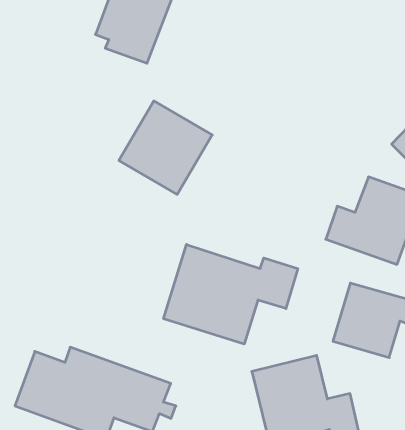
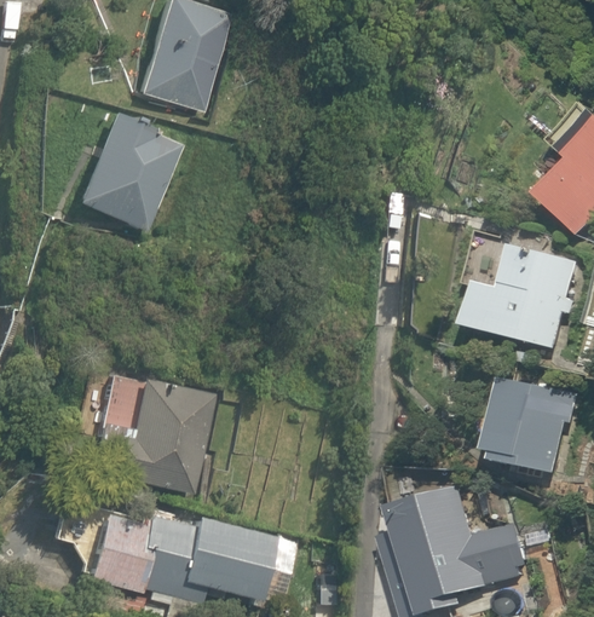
building: [119,101,212,194] -> [67,114,186,233]
building: [164,244,298,344] -> none
building: none -> [92,373,215,489]

